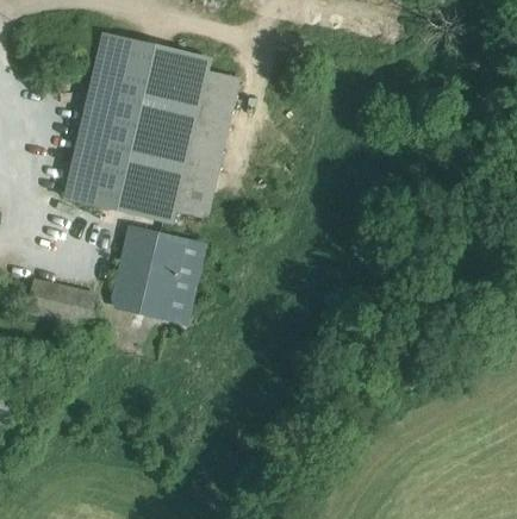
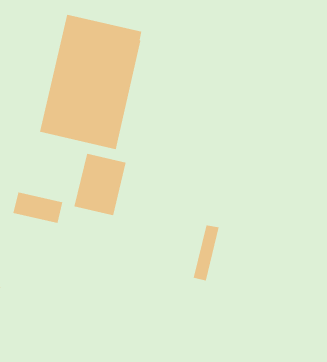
building: [174,70,236,217] -> none
building: [168,239,205,318] -> [193,225,219,281]

